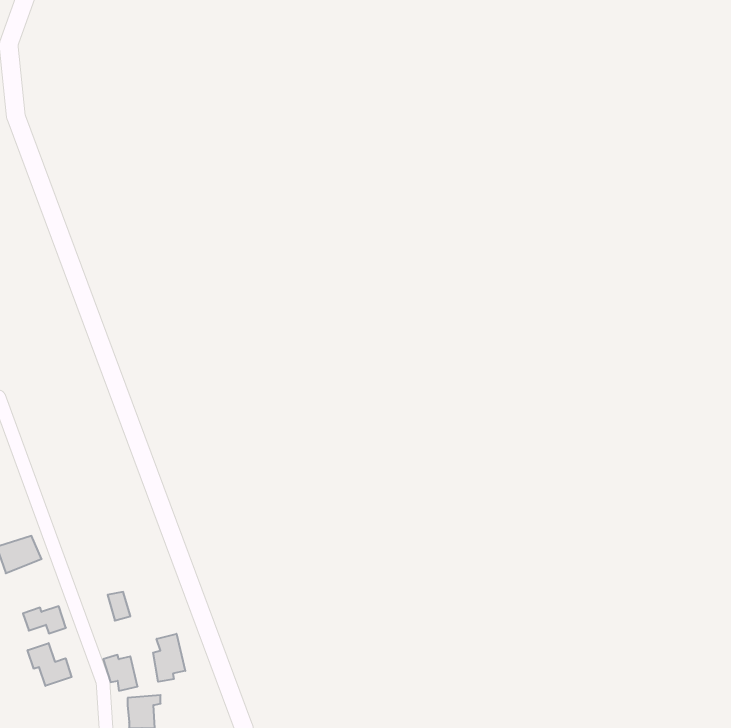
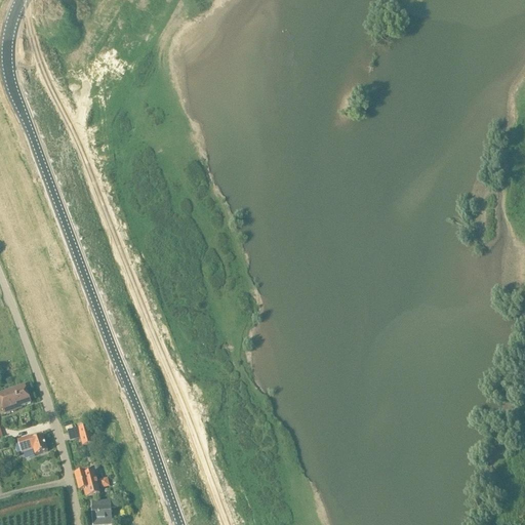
building: [153,634,185,682] -> none
building: [28,643,72,686] -> none

